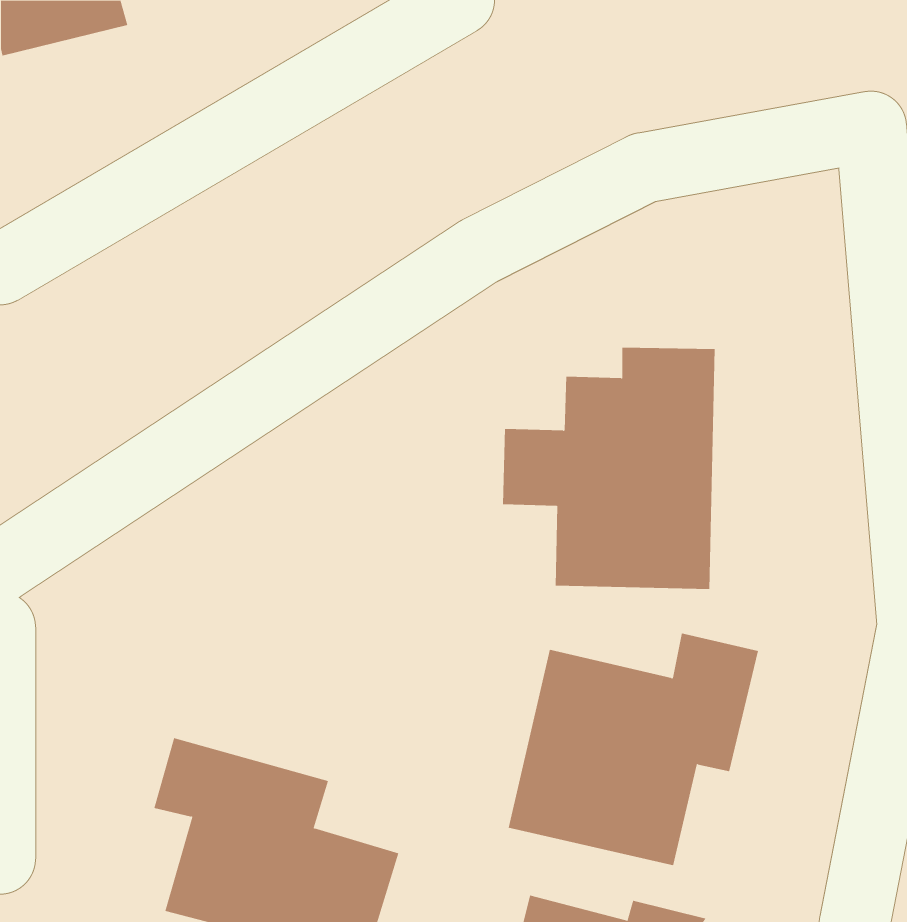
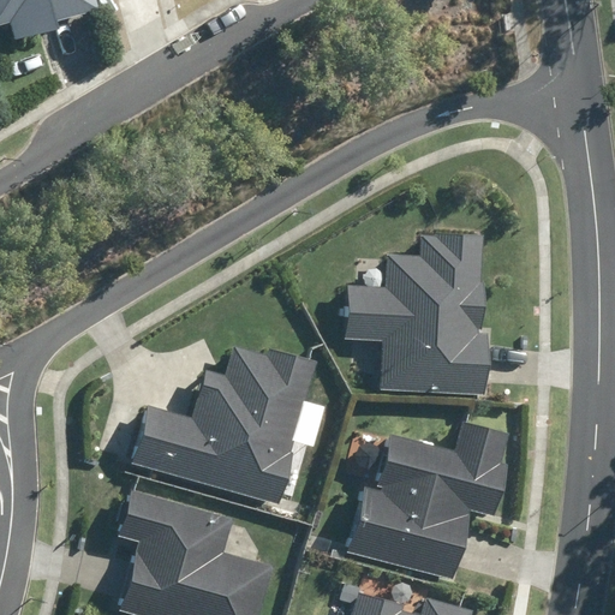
building: none -> [129,342,315,503]

